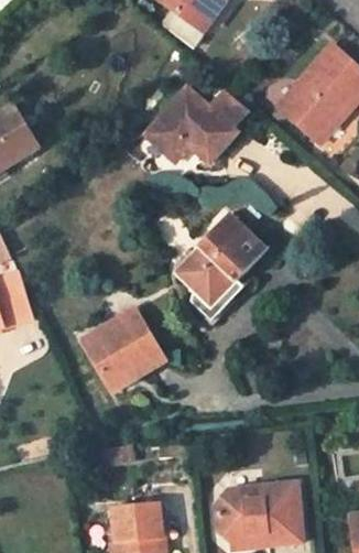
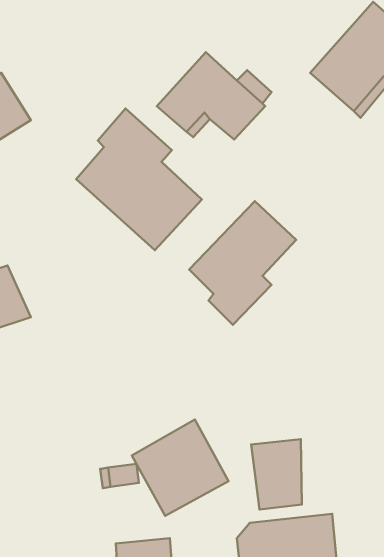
building: none -> [76,109,202,250]
building: [81,308,164,391] -> [132,419,228,516]
building: none -> [251,439,302,509]

